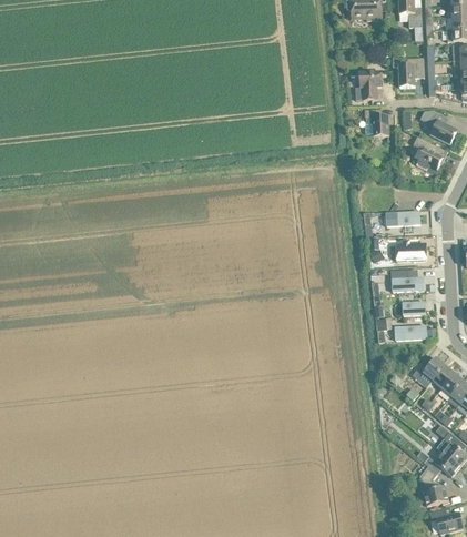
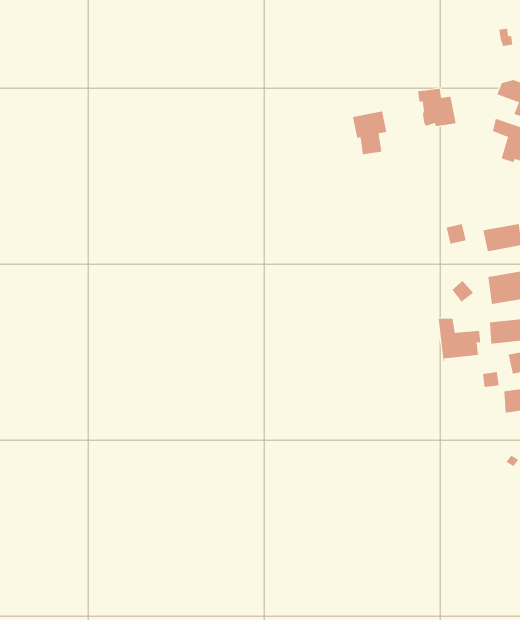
building: [397,55,423,85] -> none
building: [358,69,382,98] -> [352,111,387,155]
building: none -> [438,318,481,362]

